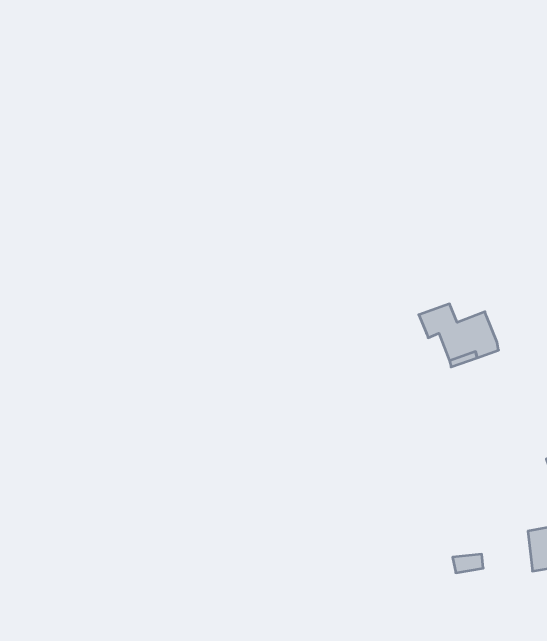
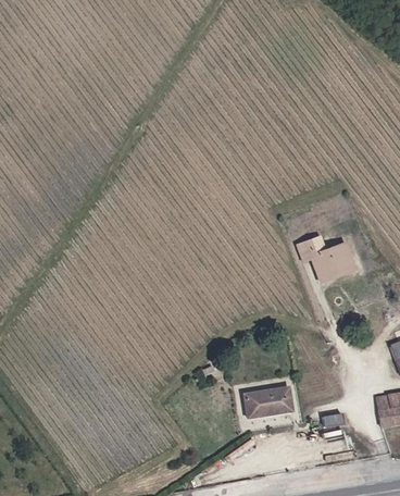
building: none -> [243,386,292,417]

